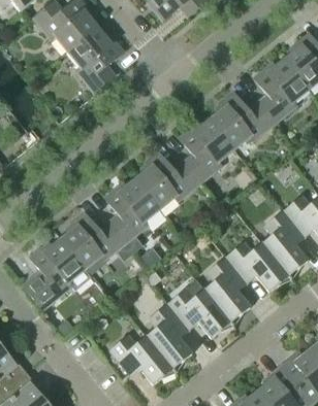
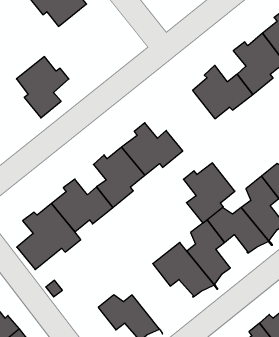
building: [67,27,123,92] -> [16,57,69,118]
building: [179,119,233,182] -> [183,163,235,223]
building: [146,302,192,375] -> none

